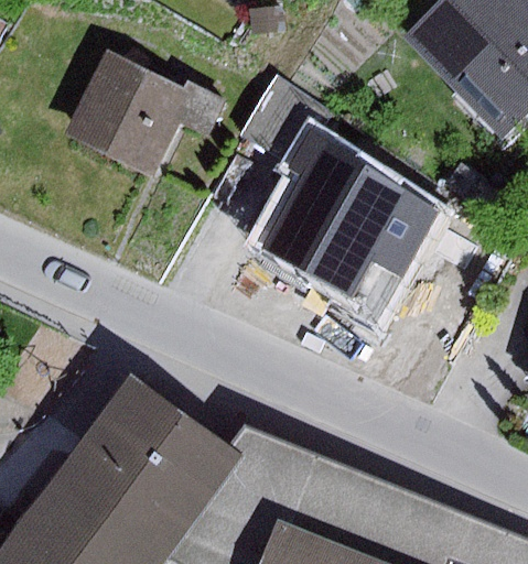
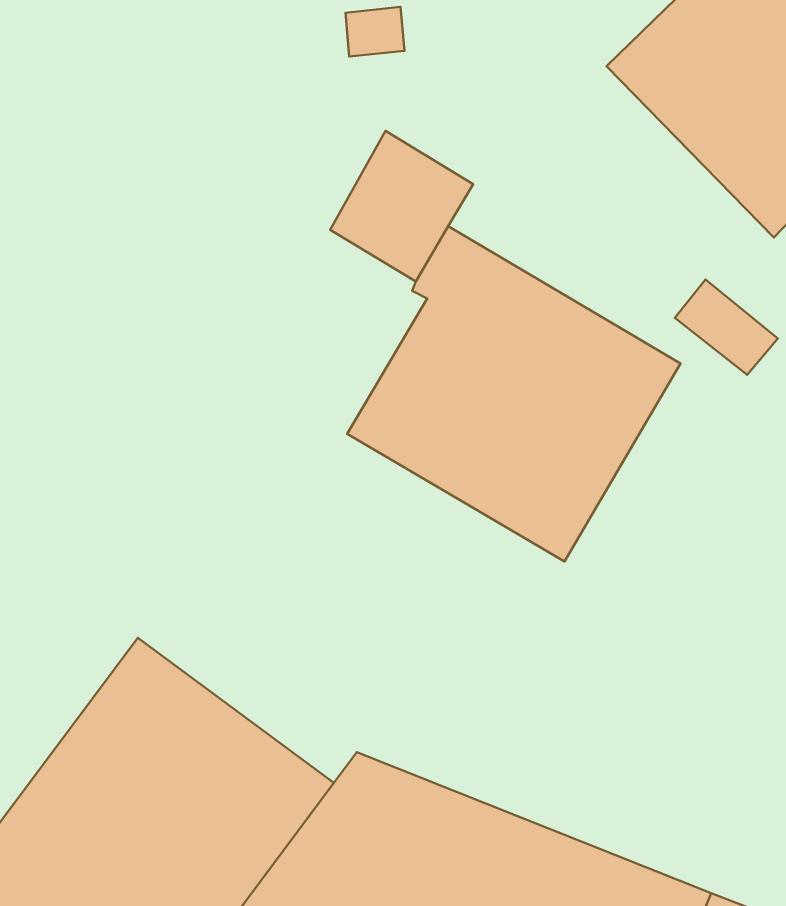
building: [65,54,229,184] -> none

